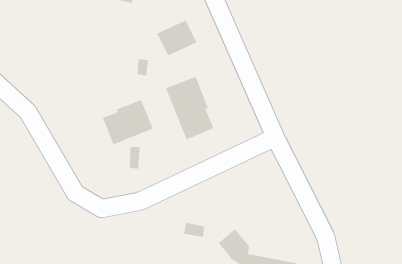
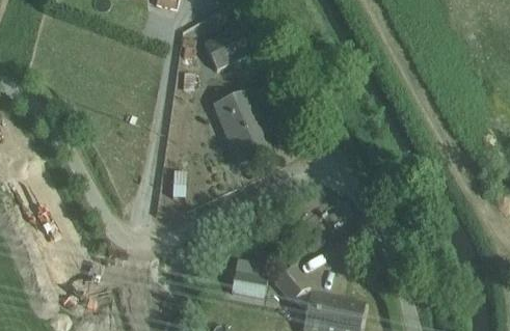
building: [102,99,154,145] -> none
building: none -> [230,270,267,297]

